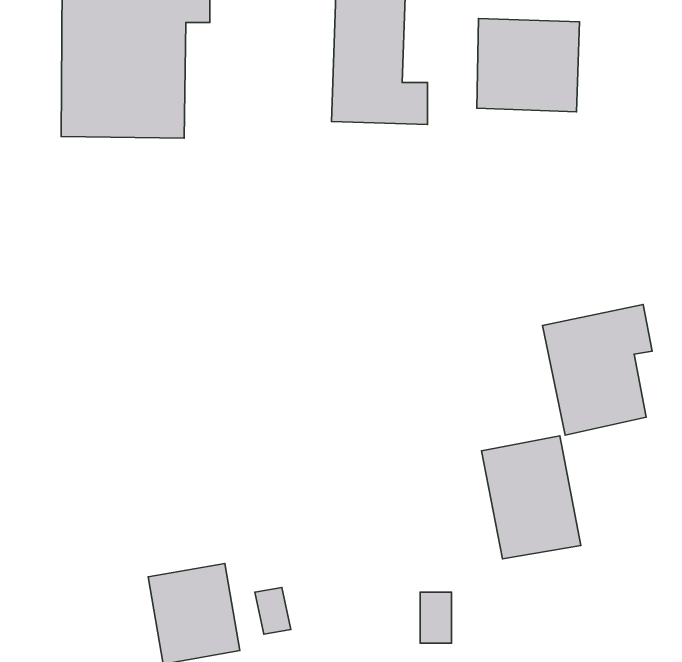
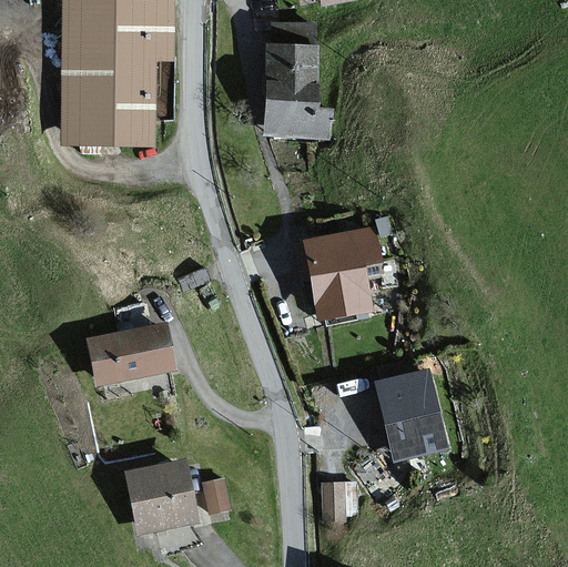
building: [477,19,579,112] -> none
building: [543,305,652,435] -> [300,225,381,322]
building: none -> [88,323,171,385]

